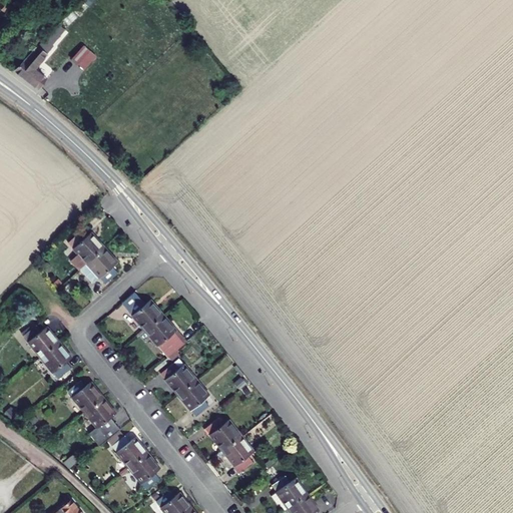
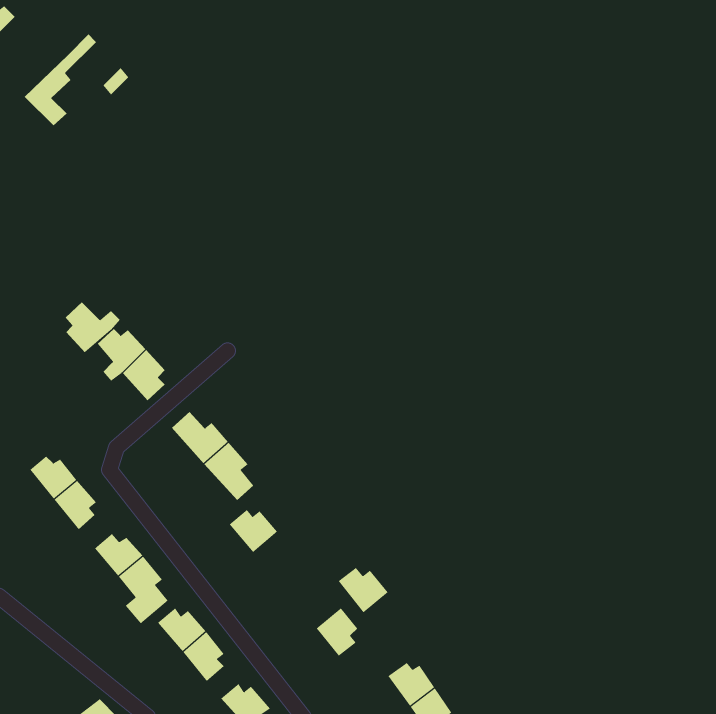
building: none -> [65,302,120,353]
building: [180,382,211,417] -> none
building: [207,418,243,451] -> [338,567,388,613]

